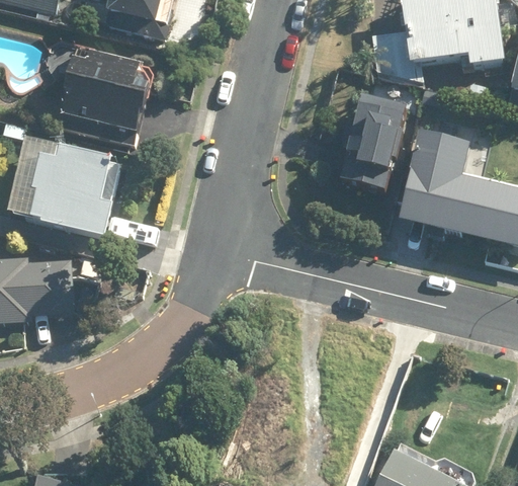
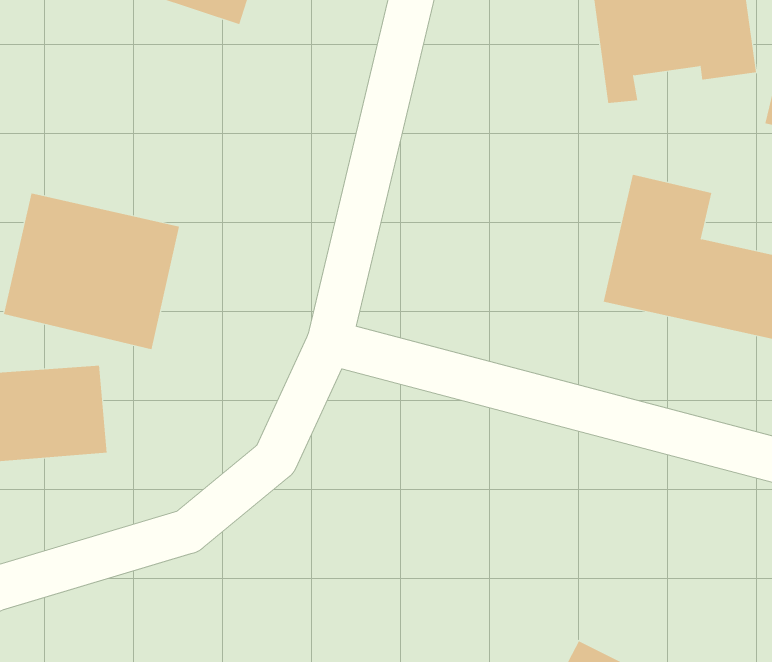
building: [58,50,154,147] -> none
building: [338,99,403,194] -> none

